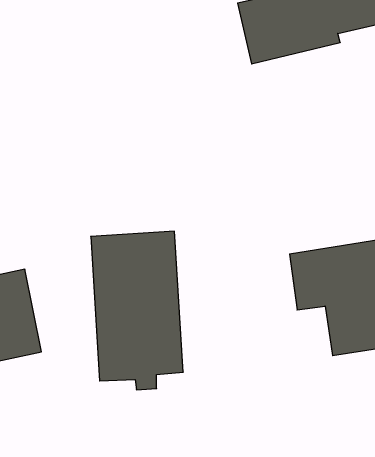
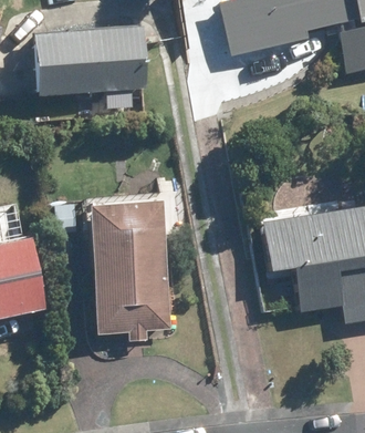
building: none -> [34,27,147,95]

